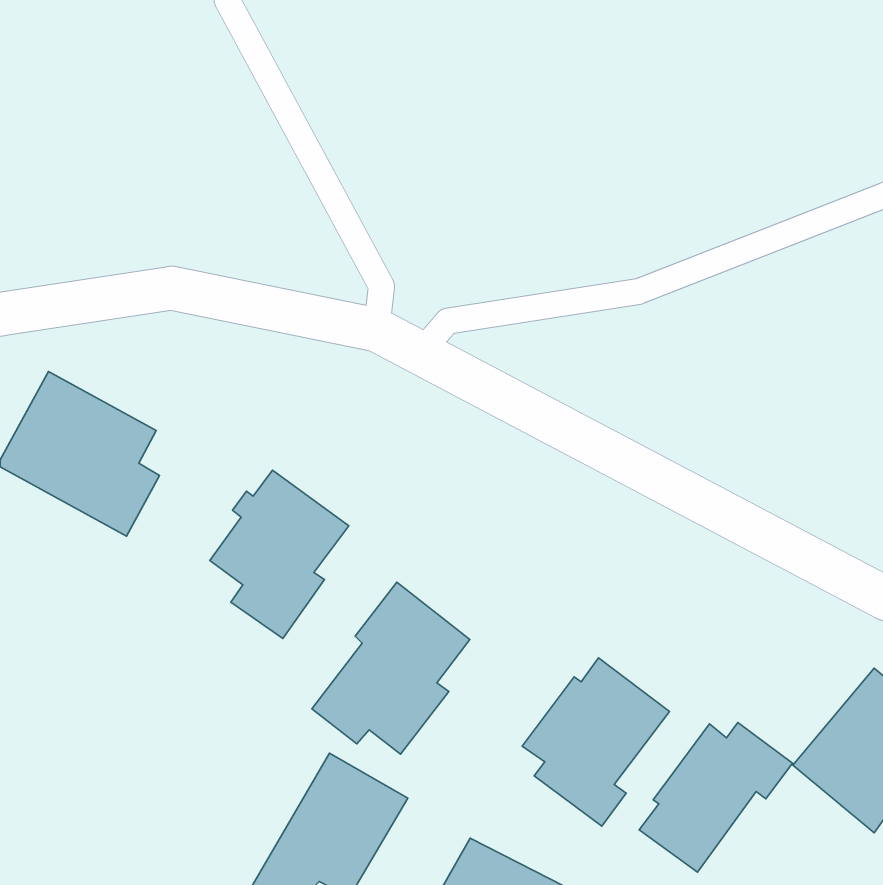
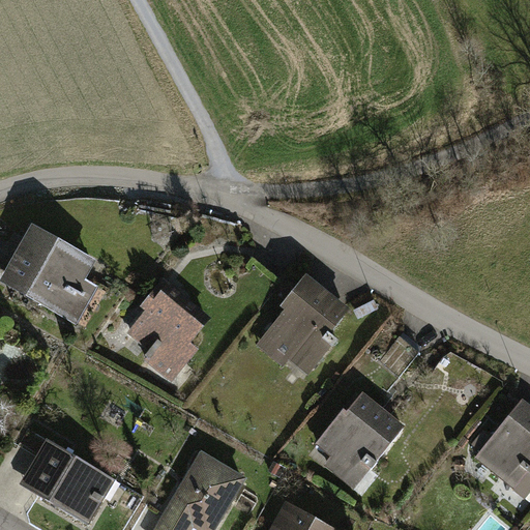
building: [312,582,470,754] -> [254,271,348,374]
building: [639,723,792,872] -> none
building: none -> [19,439,115,525]

